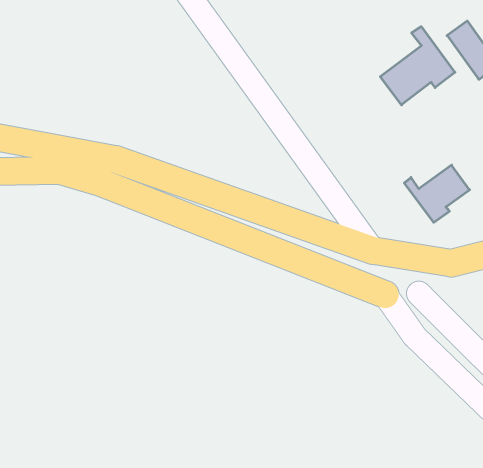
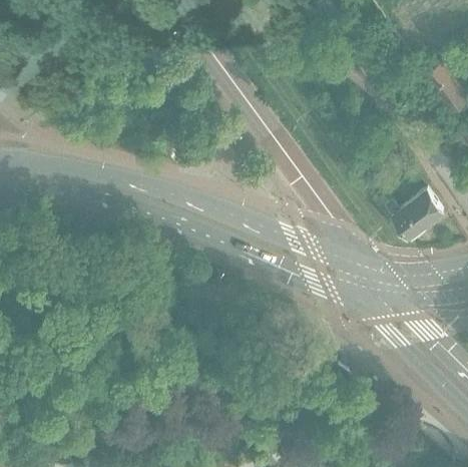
building: [380,27,455,105] -> none

